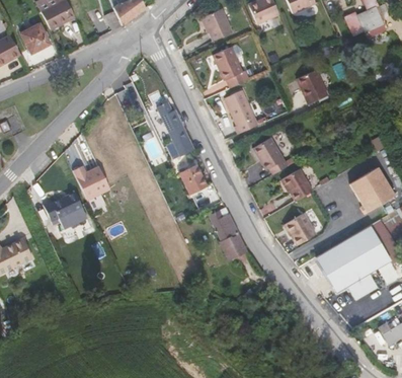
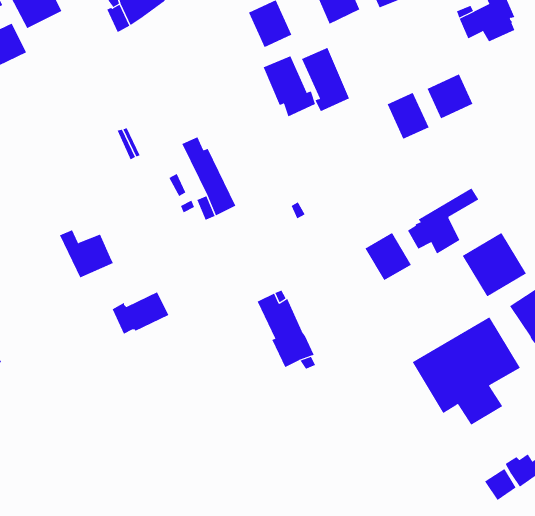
building: none -> [427,73,473,119]
building: [225,90,258,135] -> [301,47,350,112]
building: none -> [407,187,479,254]
building: [254,138,286,170] -> none
building: [180,164,209,195] -> none
building: [44,193,83,222] -> [112,292,169,334]
building: [286,213,318,245] -> none

